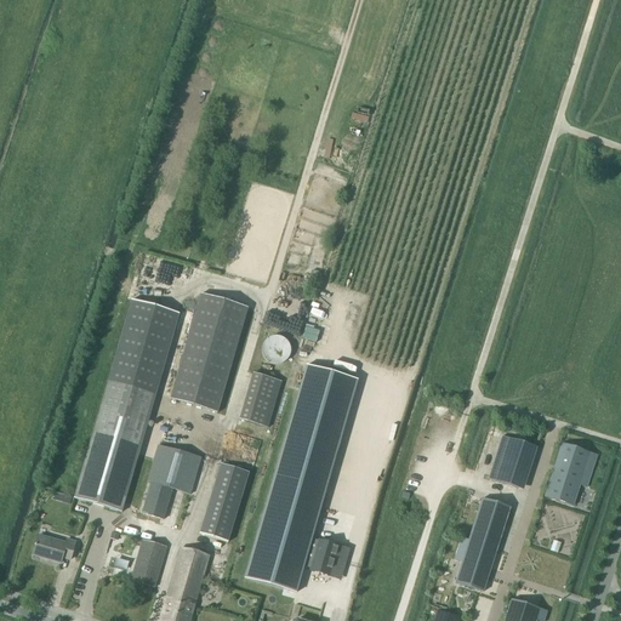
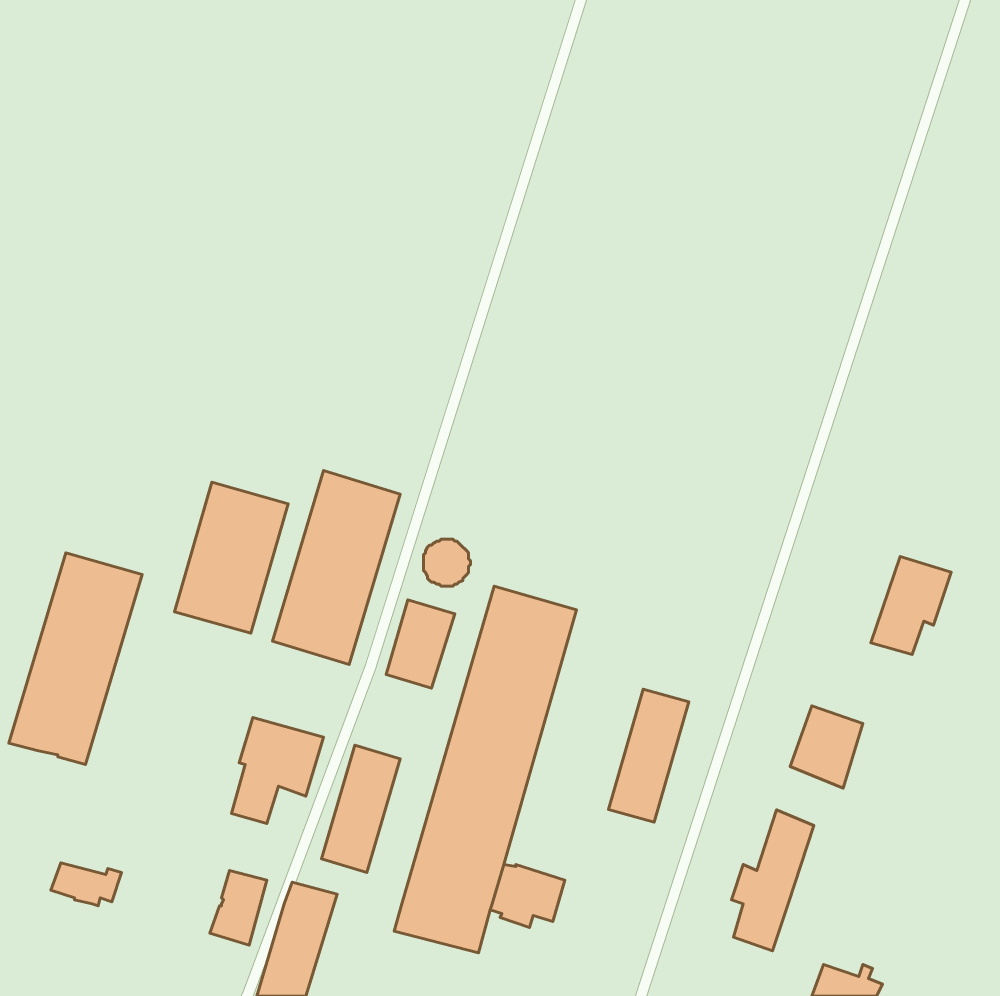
building: [74,378,156,509] -> [9,553,142,765]
building: none -> [609,689,689,822]
building: [547,443,597,503] -> [871,557,951,655]

